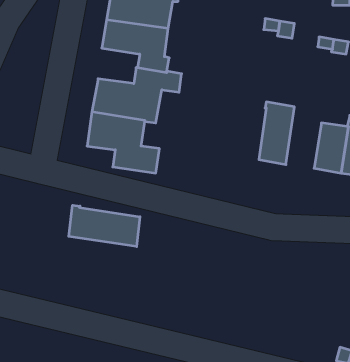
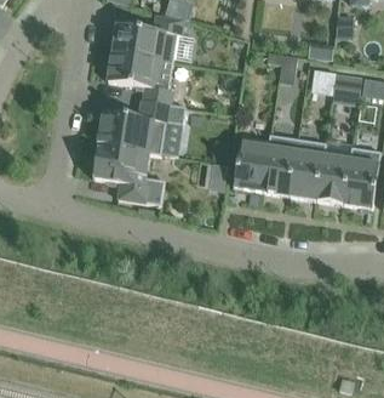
building: none -> [233,136,269,192]
building: none -> [288,140,326,200]
building: [69,205,140,247] -> none

